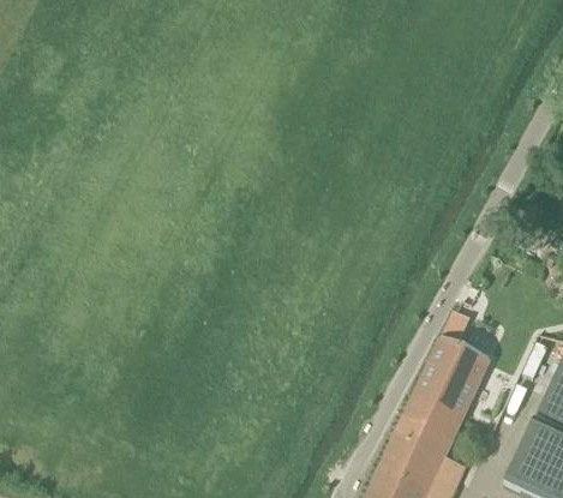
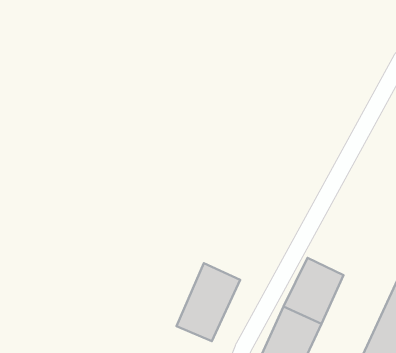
building: none -> [177,263,240,341]

